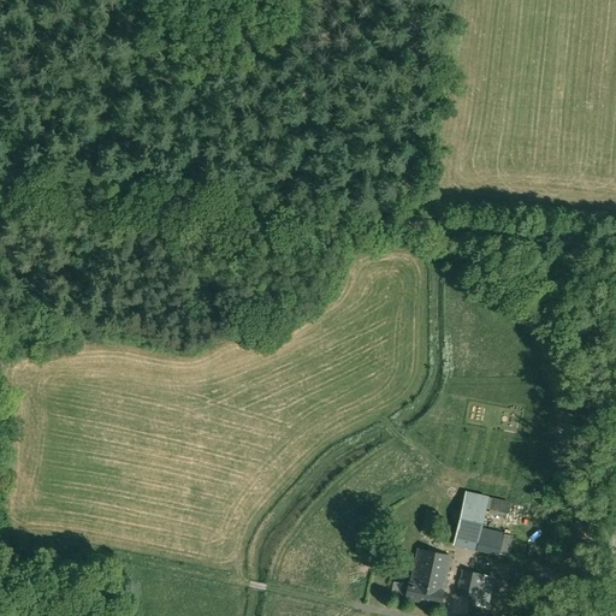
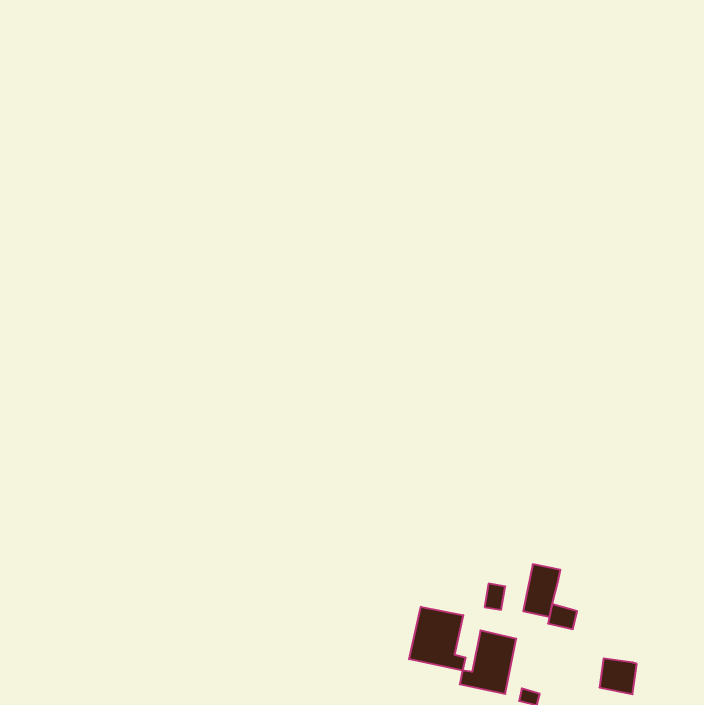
building: none -> [409,607,465,671]
building: [458,570,491,602] -> [599,658,637,694]

